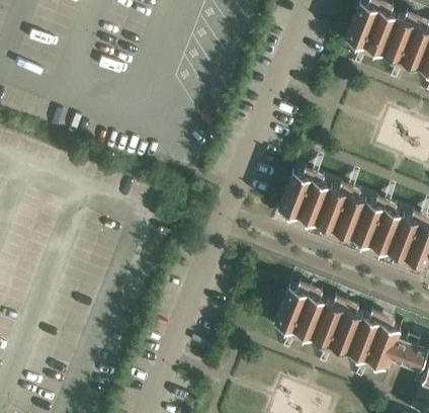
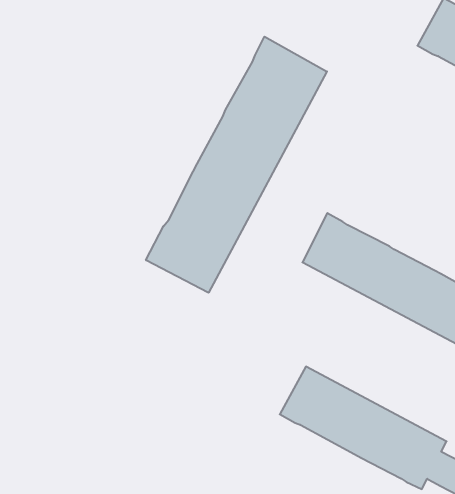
building: none -> [146,37,327,293]

